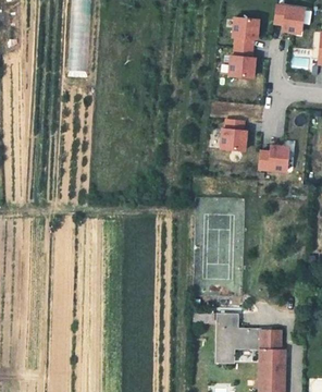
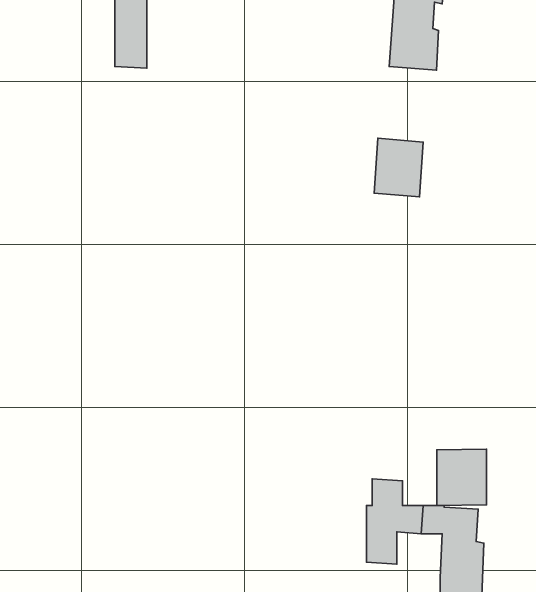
building: [259,143,289,171] -> none
building: none -> [437,449,486,505]

